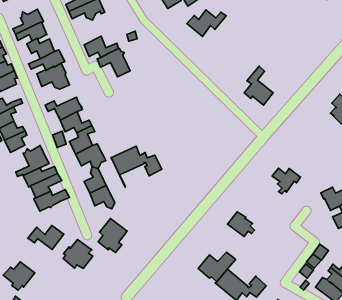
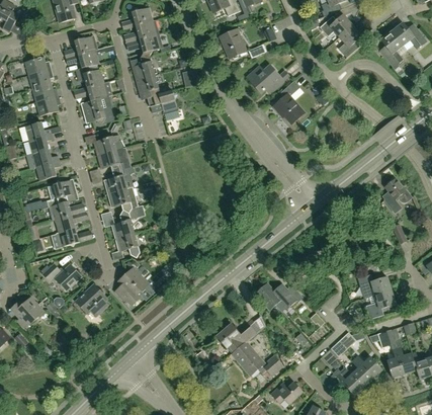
building: none -> [132,52,155,80]
building: [244,66,273,105] -> [273,81,304,122]
building: [111,146,162,187] -> none
building: [272,168,300,194] -> [273,283,303,311]

